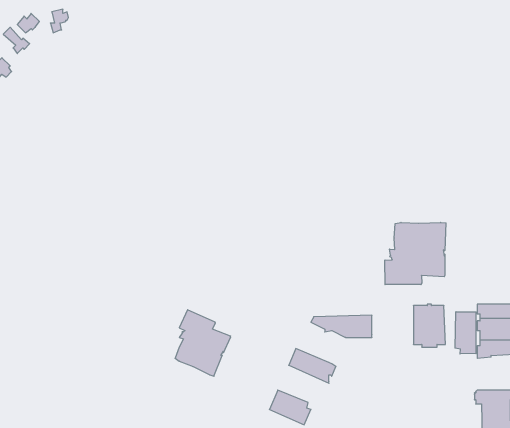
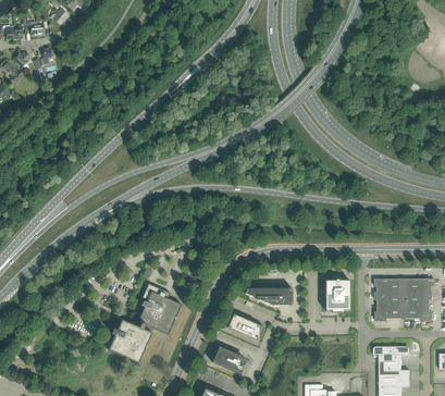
building: [385,222,446,285] -> none
building: [455,312,476,354] -> none
building: none -> [108,319,152,363]

